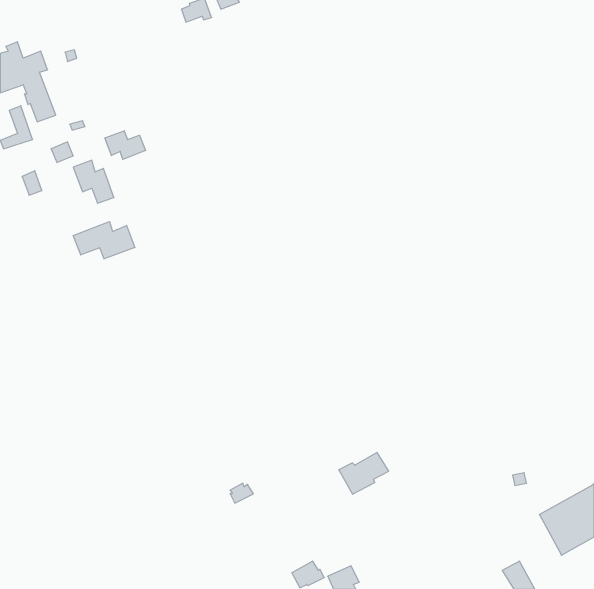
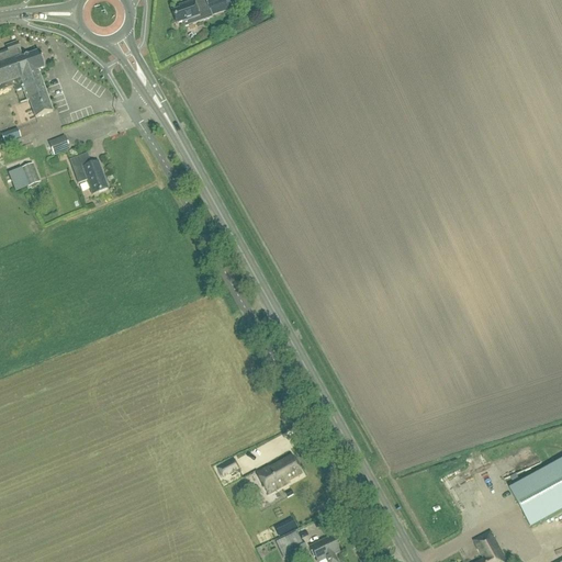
building: [105,131,145,159] -> none
building: [73,222,135,259] -> none
building: [339,452,389,494] -> [255,453,302,493]

